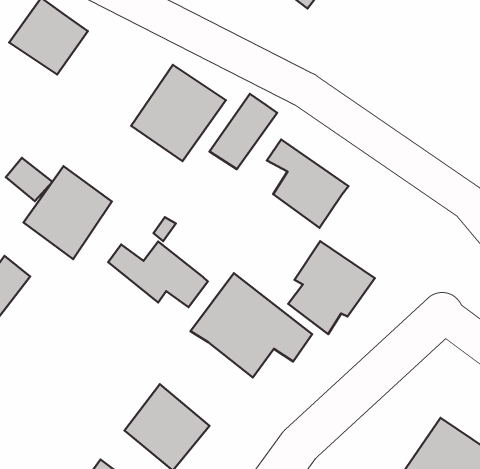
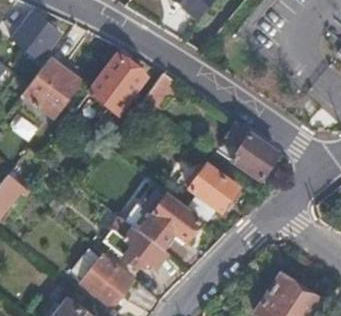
building: [267,140,348,228] -> [228,124,279,179]
building: [24,166,112,259] -> [25,60,80,118]
building: [108,241,208,307] -> [105,228,167,269]

